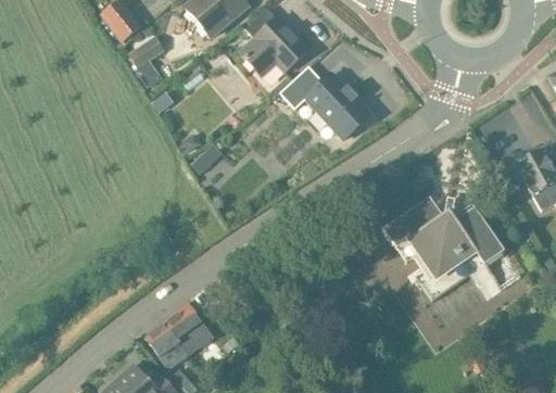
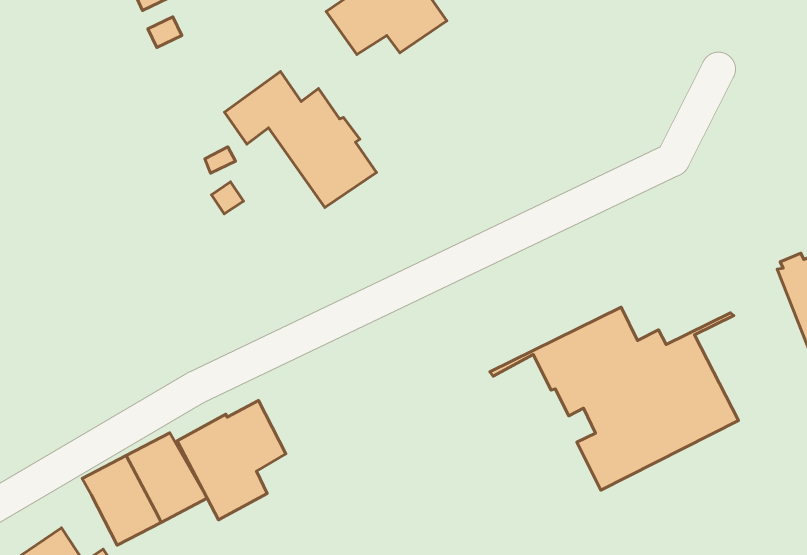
building: [280,65,370,138] -> [224,72,376,208]
building: none -> [177,400,286,520]

